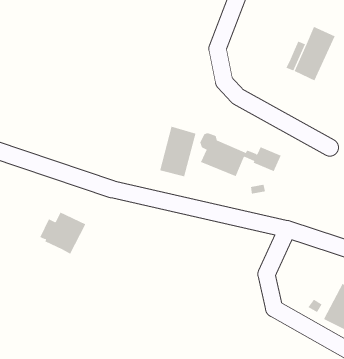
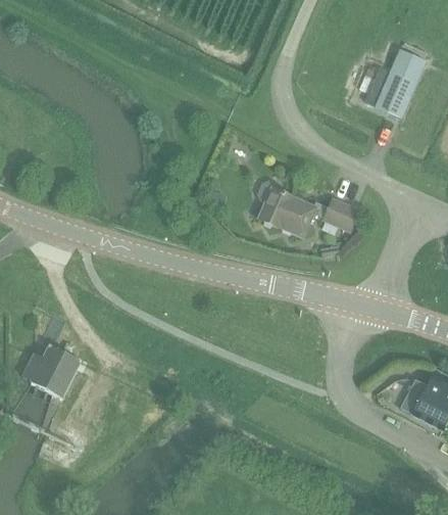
building: [159,126,196,177] -> none
building: [40,212,86,254] -> [22,344,81,397]

